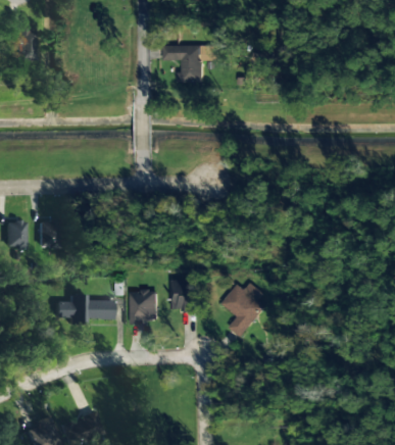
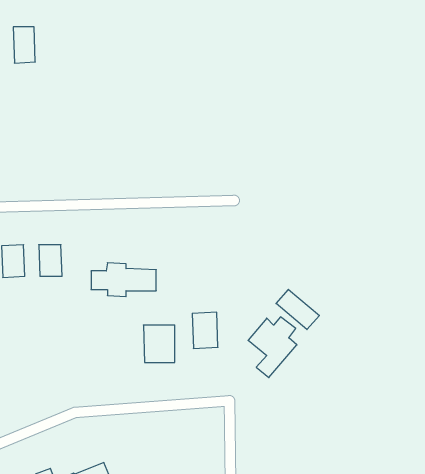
building: [164,46,219,82] -> none
building: none -> [276,289,319,330]
building: [57,294,114,324] -> [91,263,156,297]

